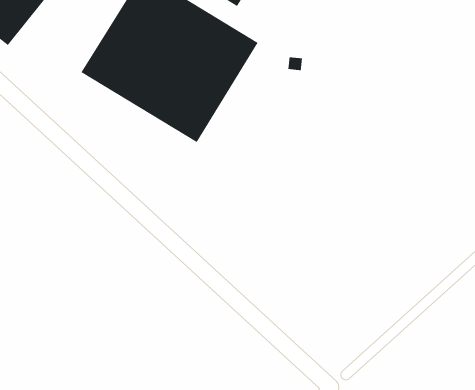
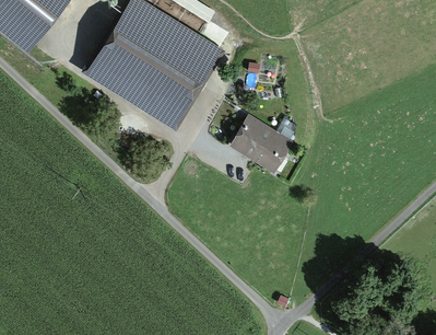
building: none -> [228,113,293,173]

